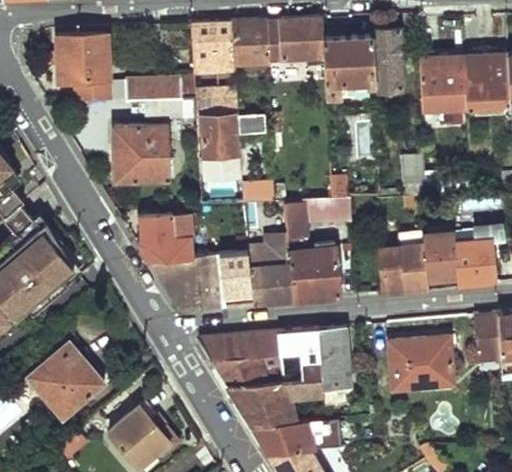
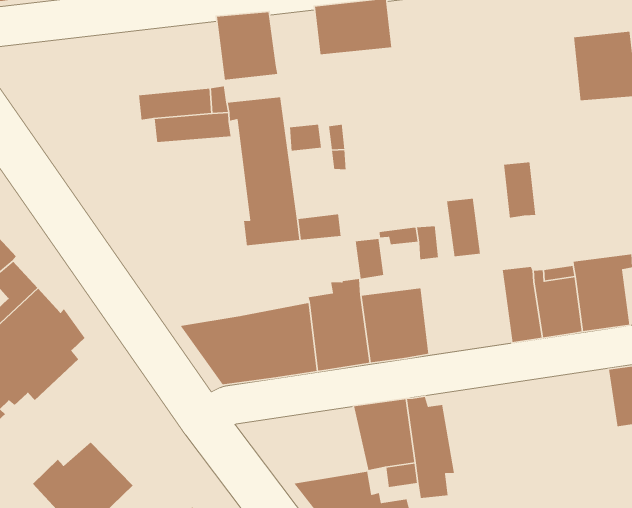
building: [231,22,268,66] -> none
building: [376,30,401,91] -> none
building: [58,36,109,103] -> none
building: [323,37,374,104] -> none
building: [420,58,466,109] -> none
building: [111,125,170,182] -> none
building: [135,212,194,262] -> none
building: [378,247,402,292] -> [446,198,481,257]
building: [197,332,285,389] -> none
building: [390,335,452,387] -> none

